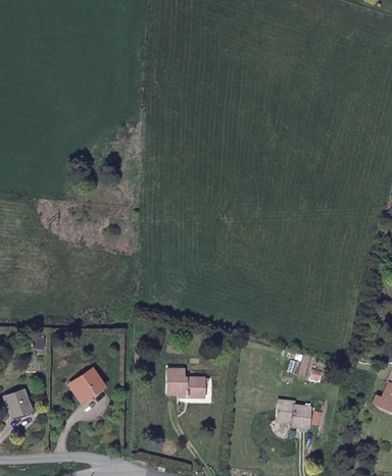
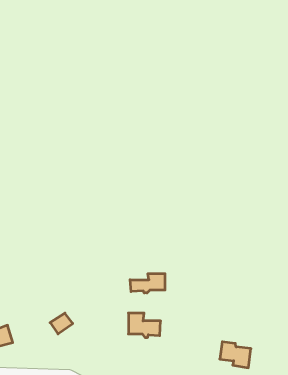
building: none -> [130,274,165,293]

